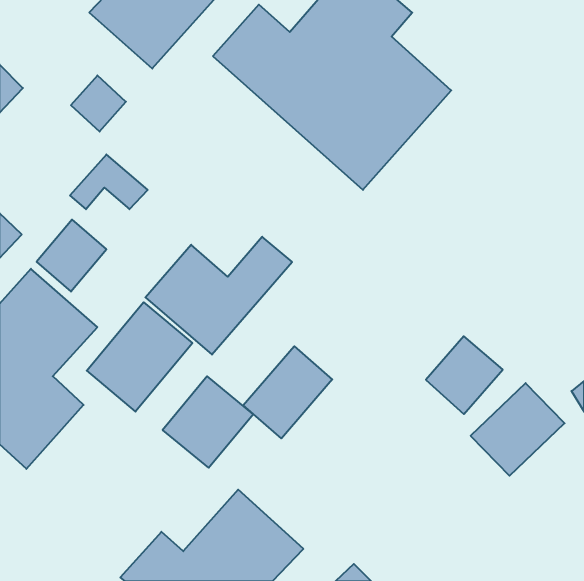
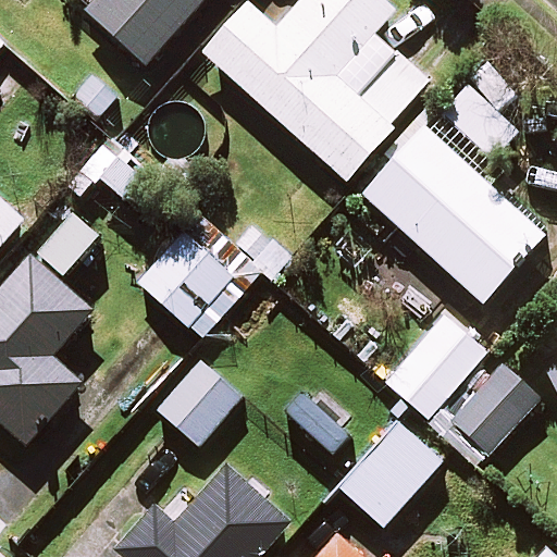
building: none -> [362,120,548,302]
building: [87,302,192,412] -> none
building: [243,346,332,438] -> none
building: none -> [337,421,441,525]

